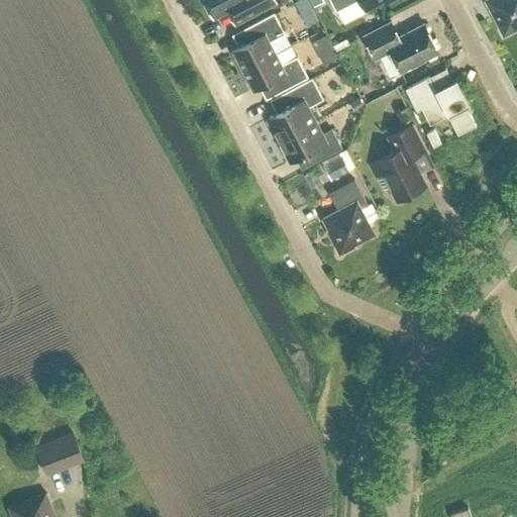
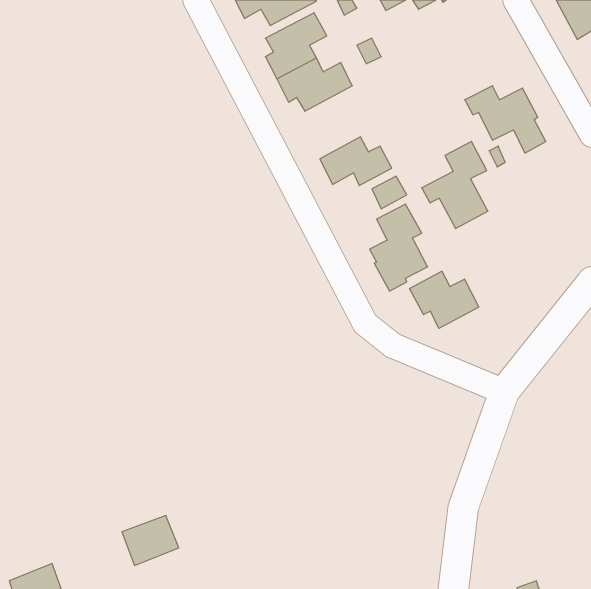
building: [364,23,439,73] -> none
building: [268,79,324,141] -> none
building: none -> [410,271,479,328]
building: [36,432,86,476] -> [122,515,179,565]

